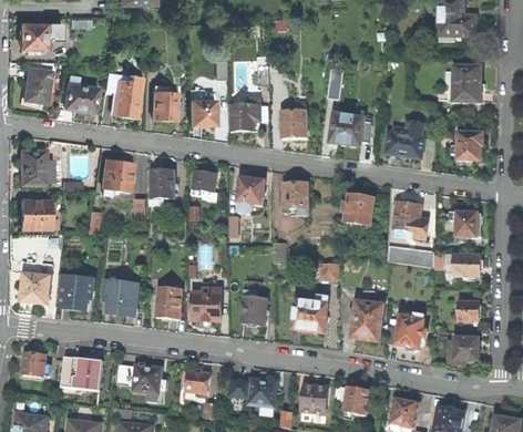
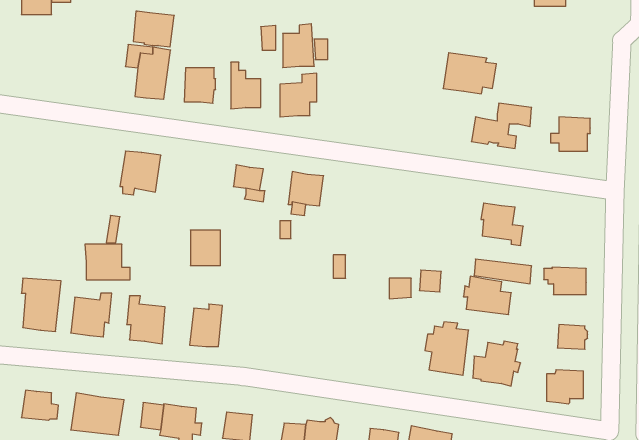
building: [445,65,481,102] -> none
building: [24,68,52,103] -> none
building: [65,83,99,112] -> [133,11,174,47]
building: [281,103,307,138] -> [283,24,314,68]
building: [329,113,372,146] -> [443,53,496,94]
building: [21,151,53,186] -> none
building: [152,169,176,198] -> [190,230,220,266]
building: [283,181,309,214] -> none
building: [342,195,381,226] -> [463,276,511,315]
building: [21,200,58,229] -> [85,244,130,280]
building: [455,212,481,241] -> none
building: [193,288,221,321] -> none
building: [240,290,267,325] -> none
building: [291,295,328,332] -> none

